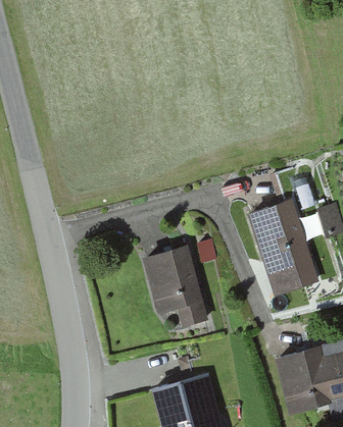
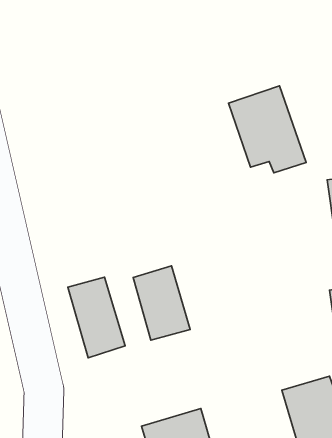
building: [248,203,316,279] -> [228,86,306,173]
building: none -> [68,277,125,358]

